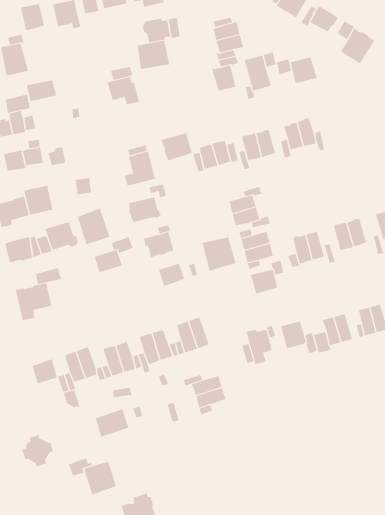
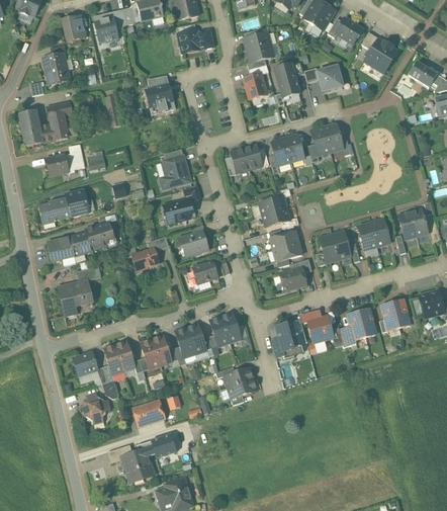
building: [134,40,170,70] -> none
building: [26,80,57,102] -> none
building: [161,133,192,161] -> none
building: [77,208,110,245] -> none
building: [202,233,236,272] -> none
building: [21,435,53,467] -> [79,393,109,423]
building: none -> [150,433,177,459]

